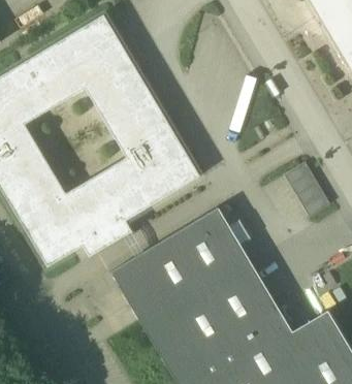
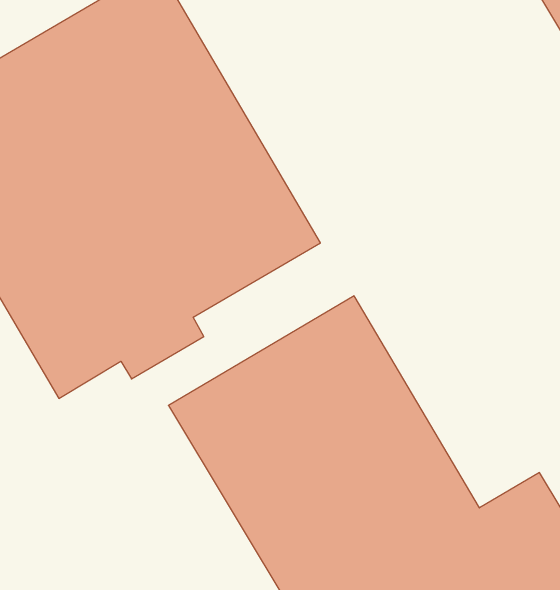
building: [285,162,331,217] -> none

